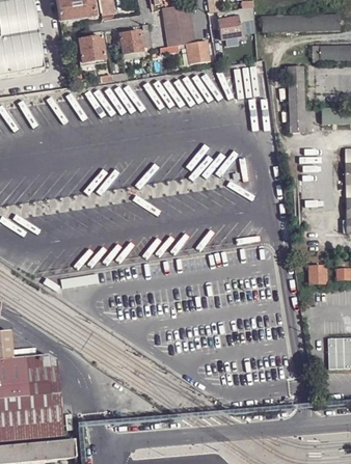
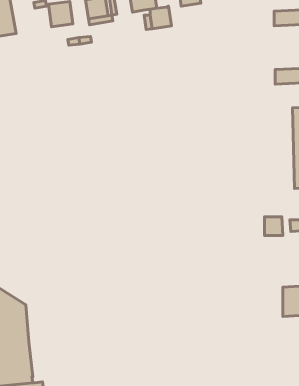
building: [287,65,305,132] -> none

